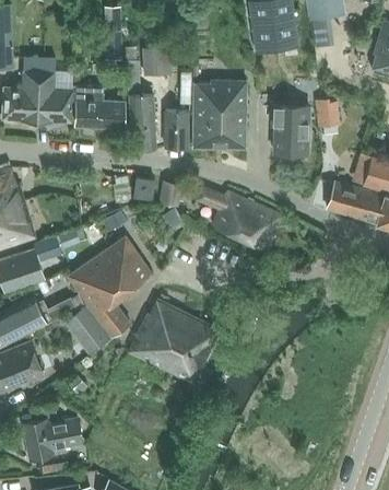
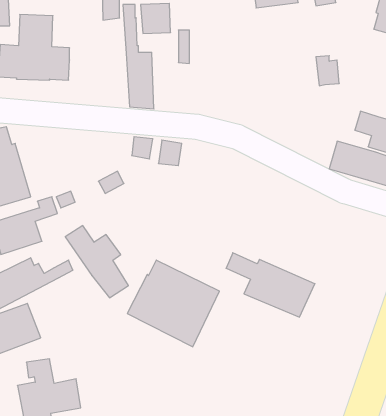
building: [193,81,246,148] -> none
building: [72,85,123,128] -> none
building: [272,105,308,154] -> none
building: [165,110,188,147] -> none
building: [194,185,282,248] -> [226,253,315,317]
building: [85,236,151,293] -> none
building: [63,305,110,354] -> none

